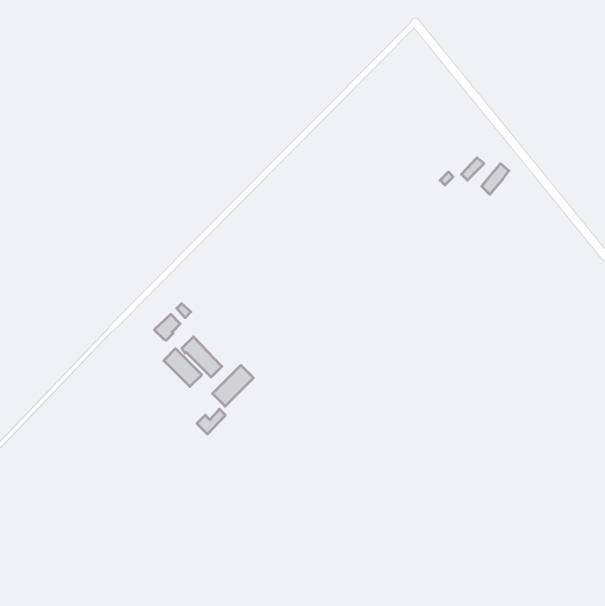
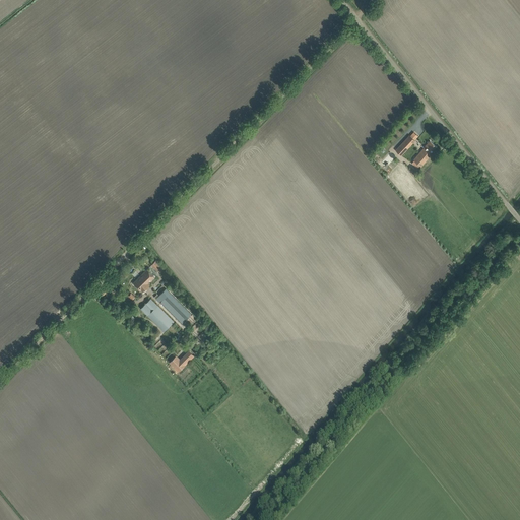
building: [212,365,253,406] -> none

